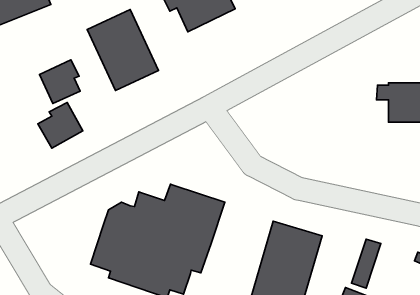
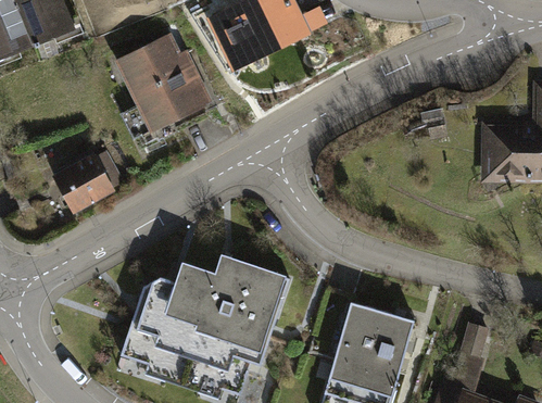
building: [39,60,80,104] -> none

